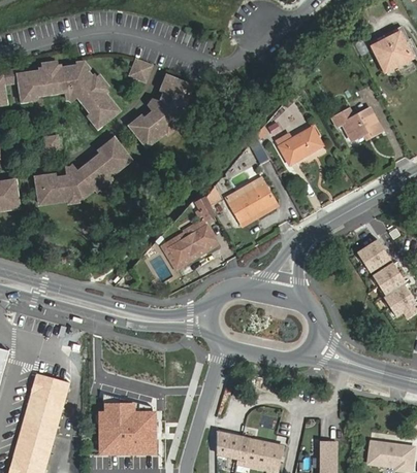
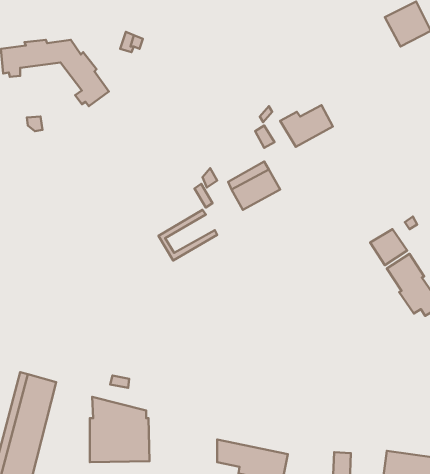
building: [129,75,189,146] -> none
building: [331,106,383,141] -> none
building: [32,142,128,204] -> none
building: [169,226,215,261] -> none

